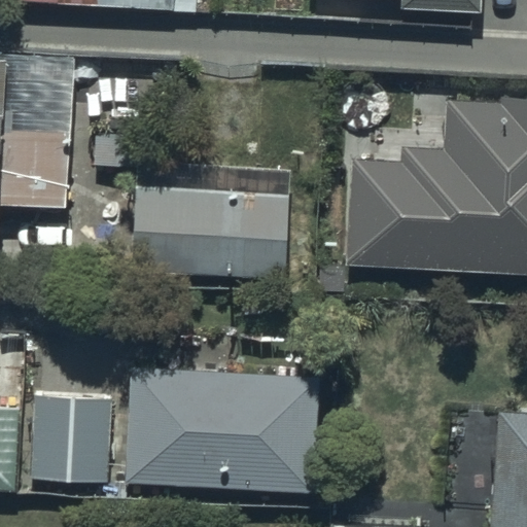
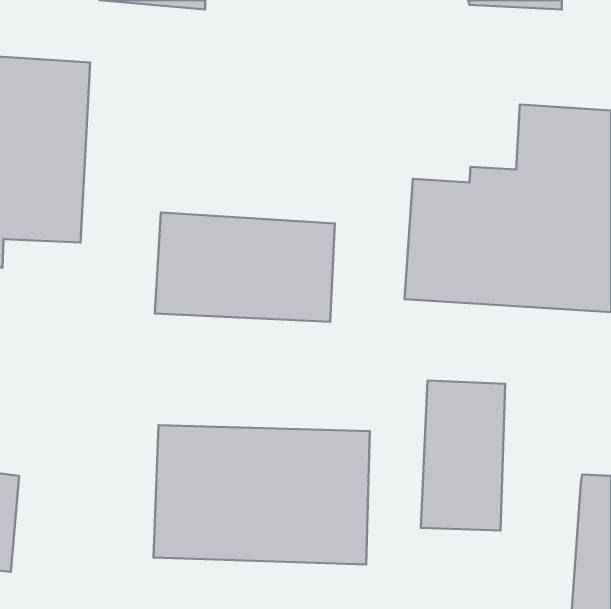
building: none -> [421,380,505,531]
building: [27,397,108,483] -> none

